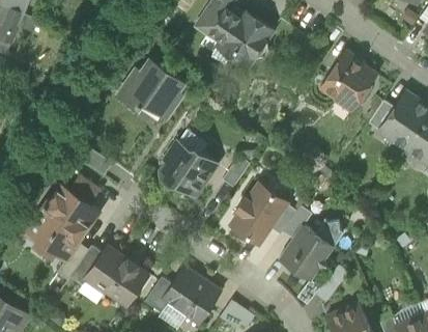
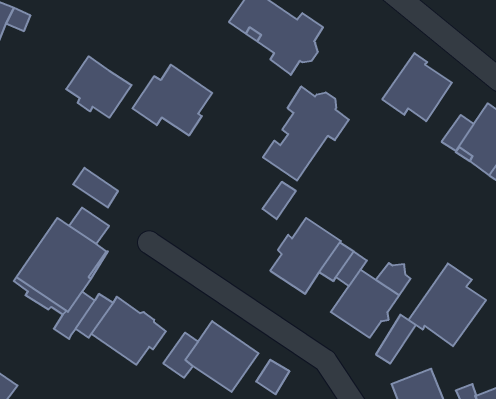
building: none -> [66,56,132,118]
building: none -> [263,86,349,181]
building: [161,142,217,195] -> none
building: none -> [409,263,486,346]

